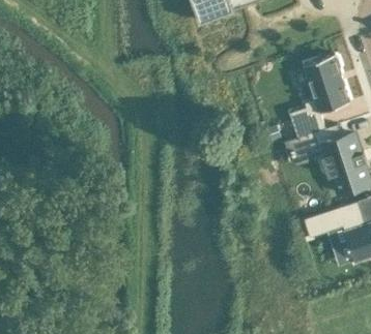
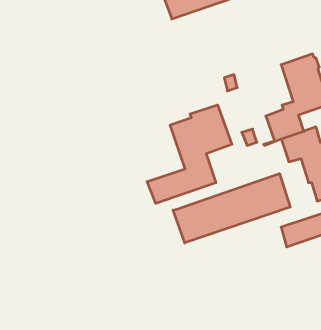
building: none -> [147,105,232,203]
building: none -> [173,174,290,243]

